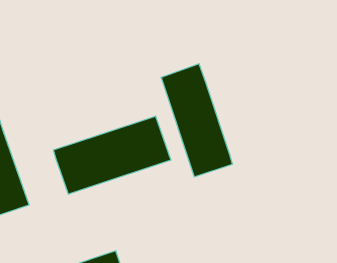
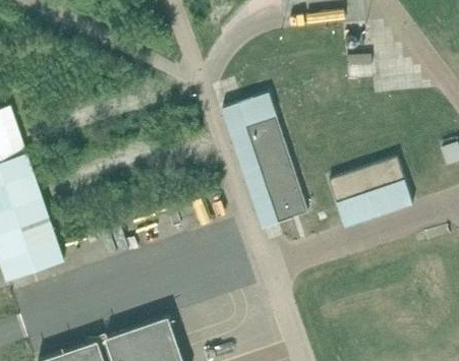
building: [53,116,171,194] -> none
building: none -> [329,158,412,228]

